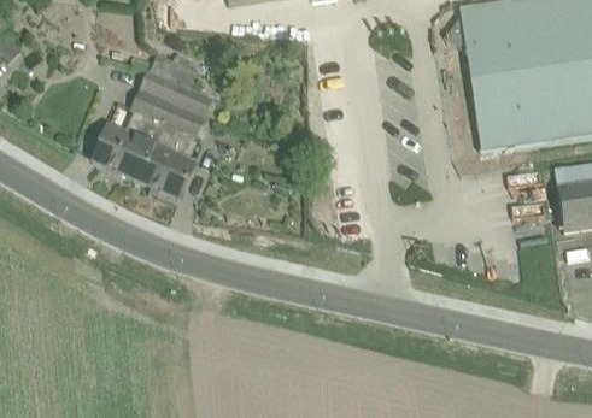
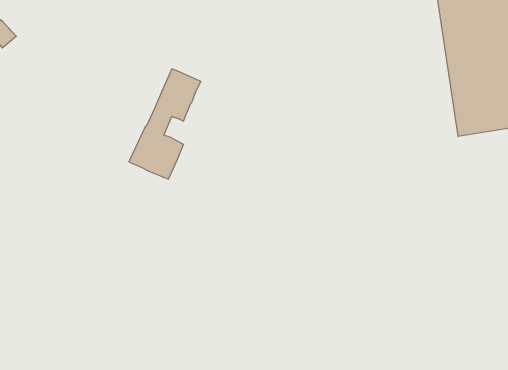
building: [93,52,191,179] -> none

